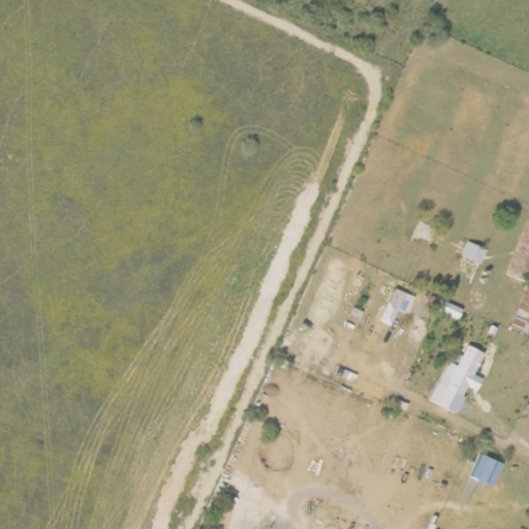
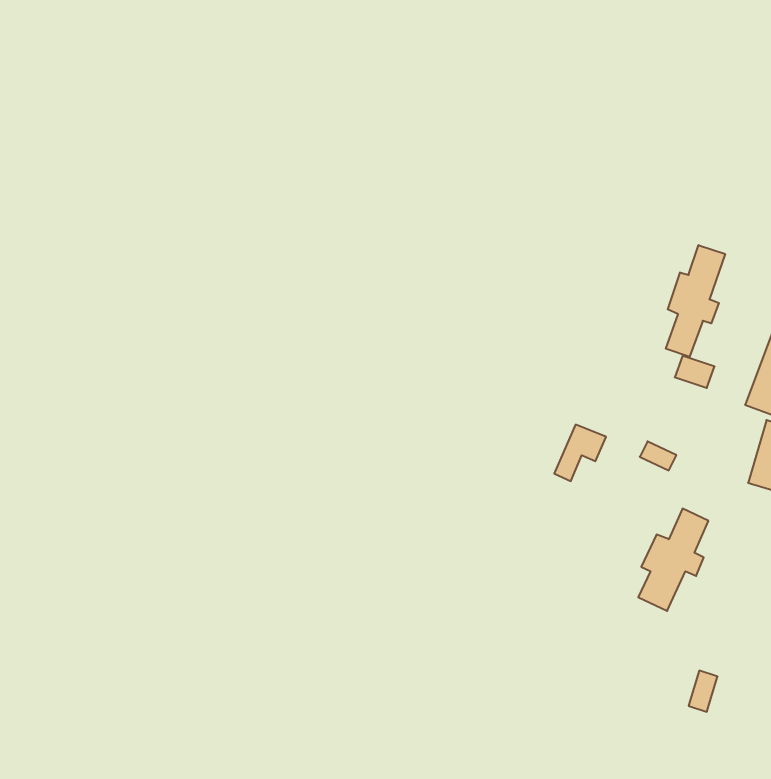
building: none -> [666,245,725,357]

